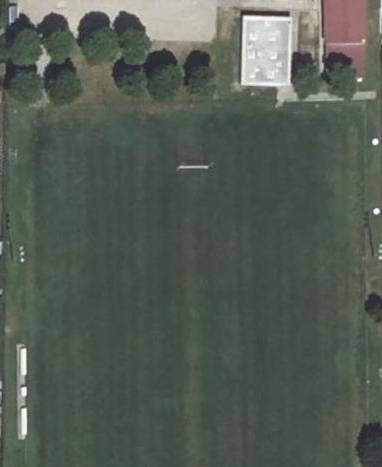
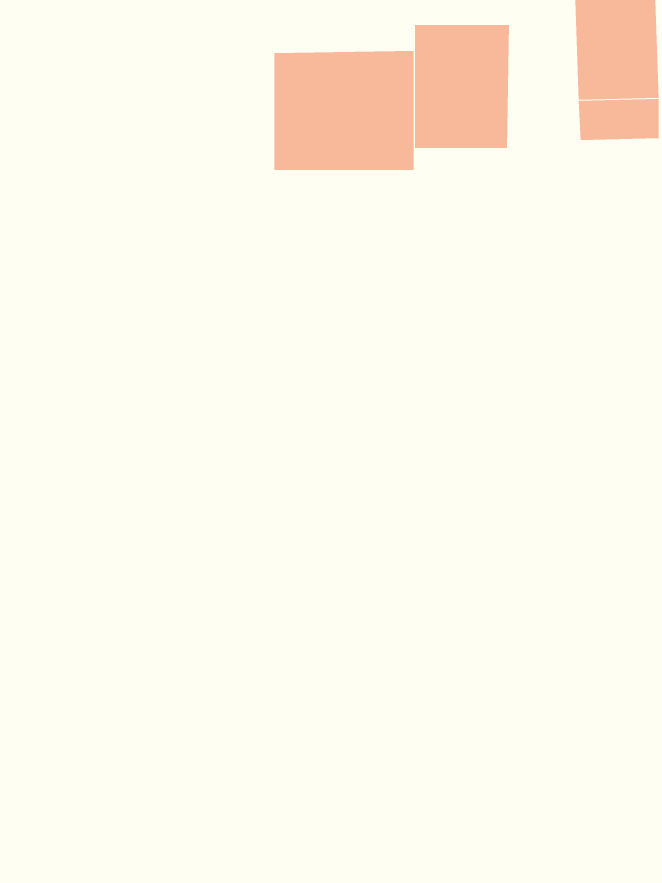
building: none -> [274,50,414,171]

